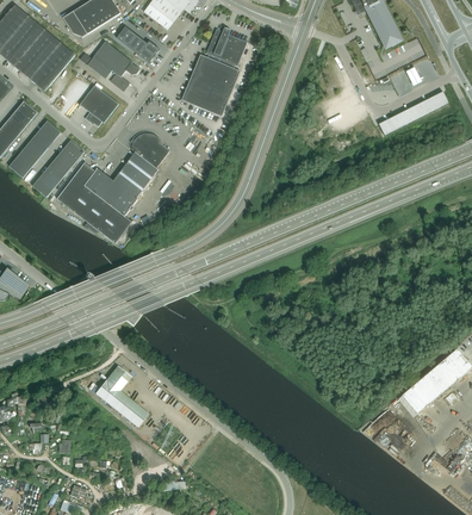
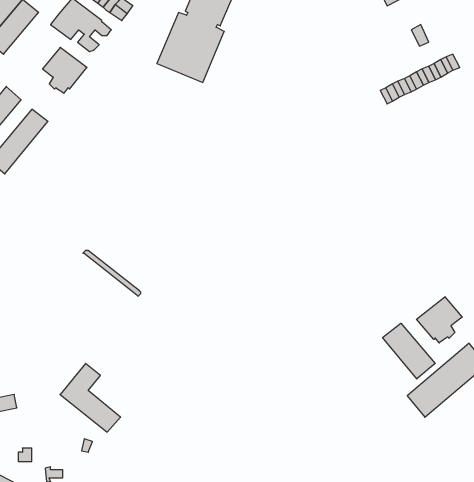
building: [57,132,170,242] -> none
building: none -> [417,297,462,343]
building: none -> [383,323,435,379]

